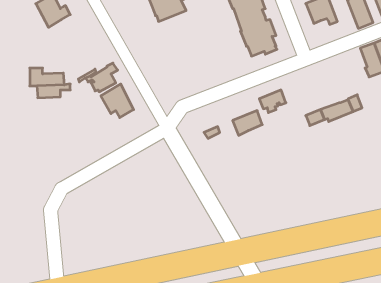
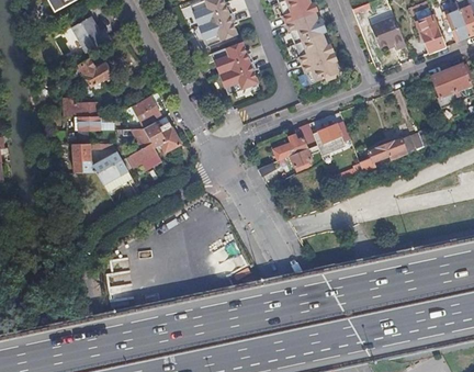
building: none -> [211,42,257,94]
building: none -> [78,60,114,93]
building: none -> [275,124,316,159]
building: none -> [116,128,160,169]
building: none -> [71,143,126,183]

